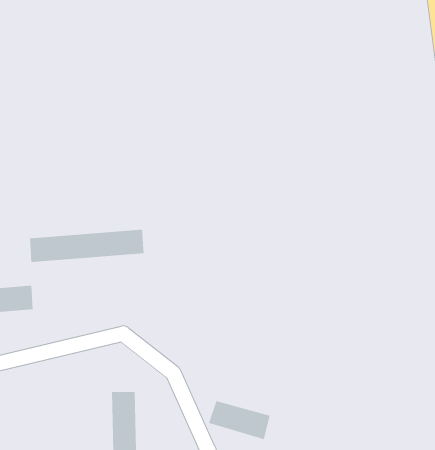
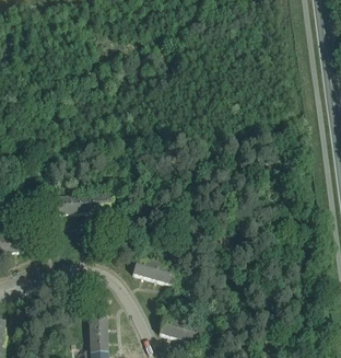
building: none -> [132,257,177,286]

